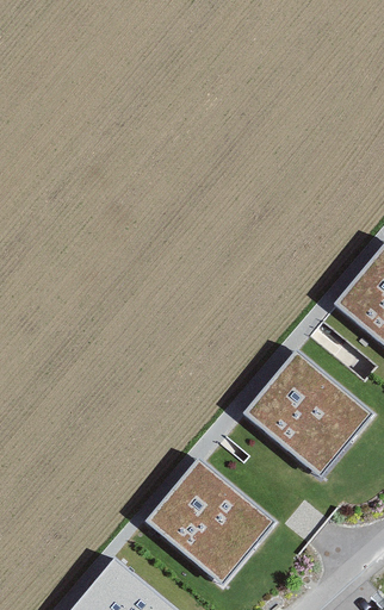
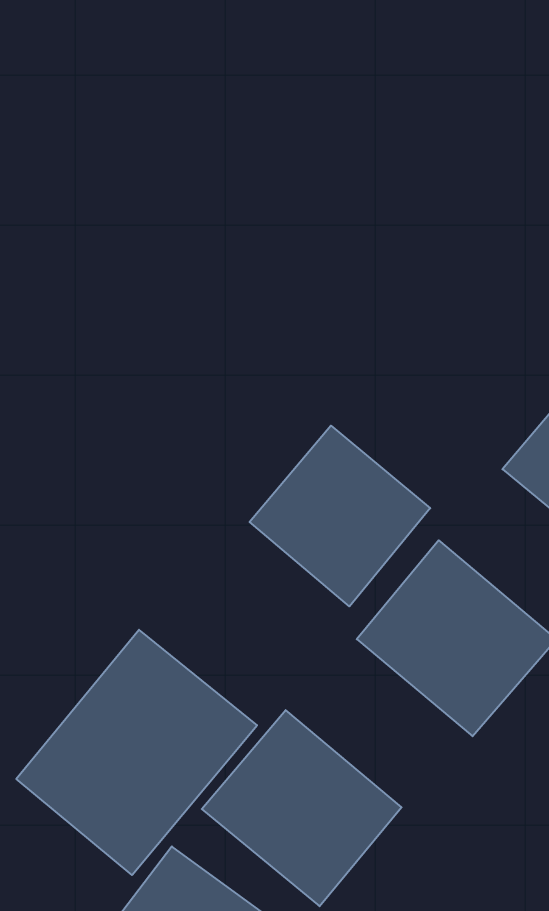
building: none -> [250,426,430,606]
building: none -> [16,630,257,875]

